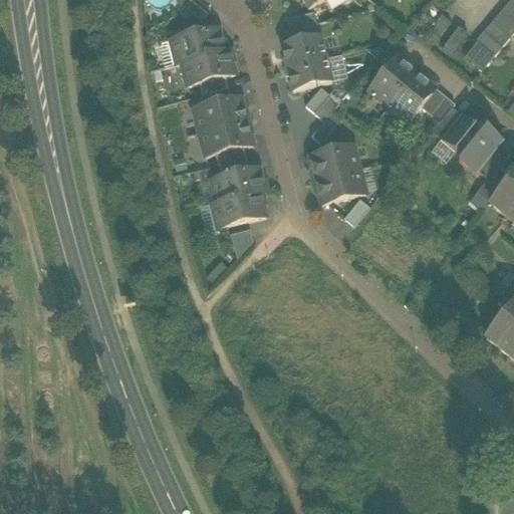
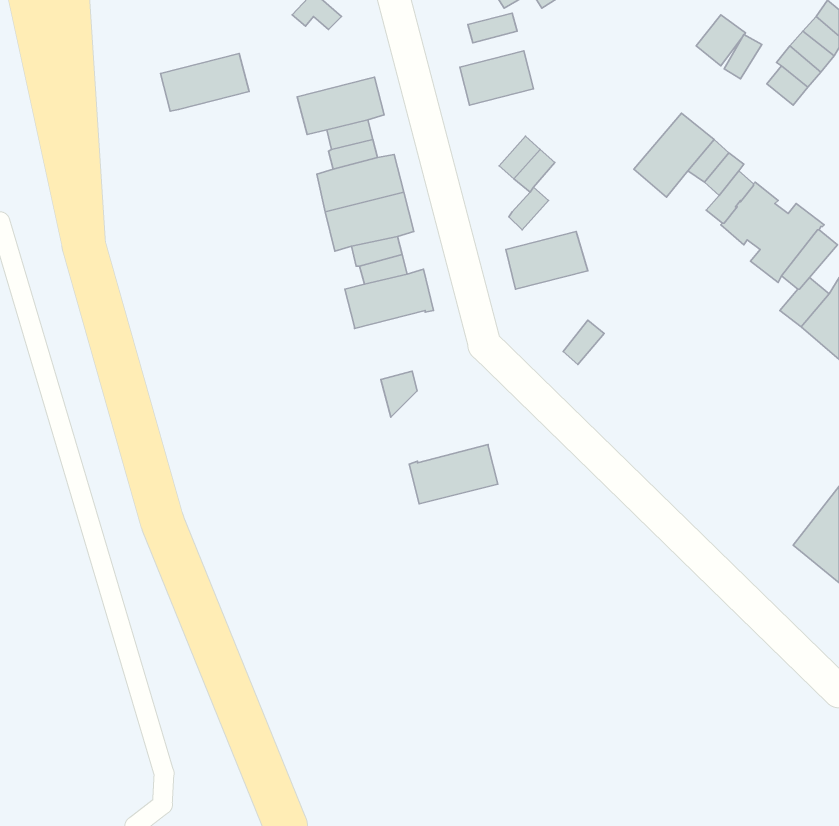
building: [171,25,225,60] -> [160,54,249,111]
building: [368,52,417,103] -> none
building: [287,54,332,87] -> none
building: [315,166,365,201] -> none
building: [212,190,266,226] -> [409,445,498,504]

